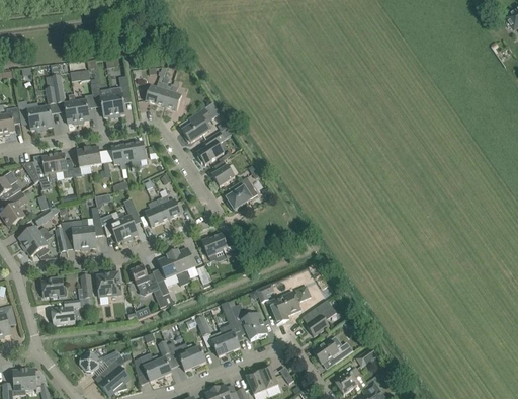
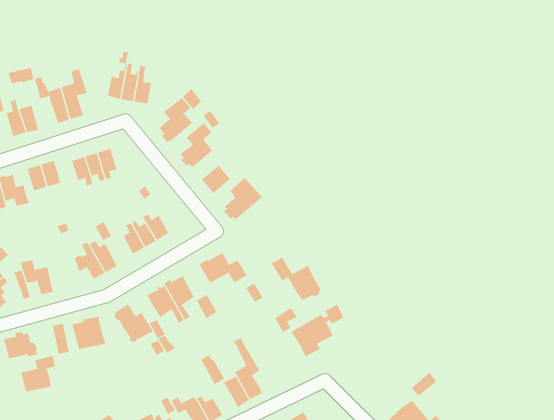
building: [82,206,104,248] -> none
building: [306,300,336,336] -> none
building: [230,303,267,339] -> [271,257,321,301]
building: [314,336,349,364] -> none

